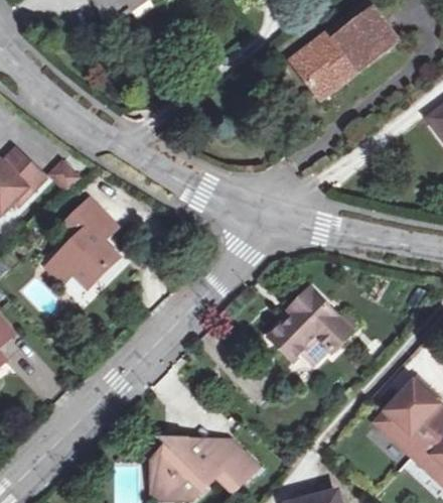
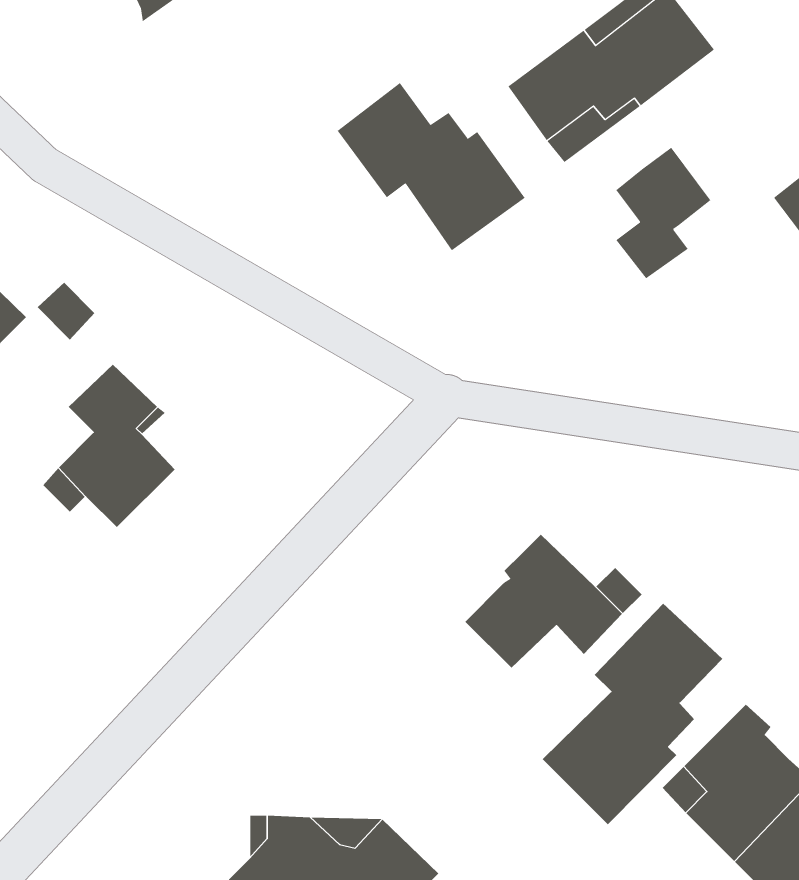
building: none -> [337,82,525,251]
building: none -> [615,147,711,279]
building: none -> [542,603,723,825]

